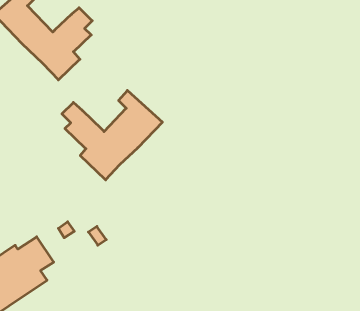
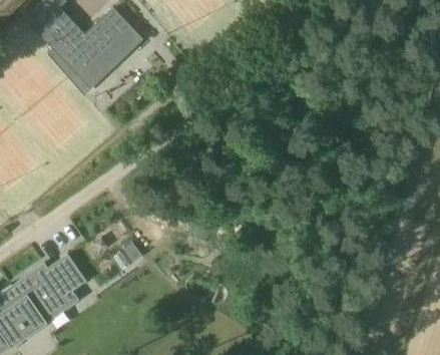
building: [62,90,162,180] -> none

